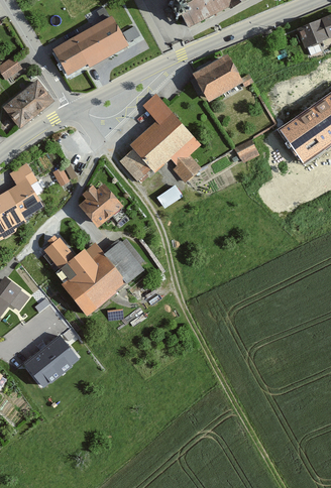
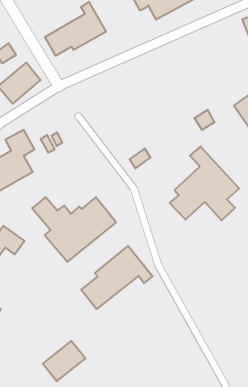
building: [190,55,240,104] -> none
building: [122,95,206,184] -> [170,146,239,220]
building: [78,185,120,227] -> none
building: none -> [81,246,153,309]
building: [27,334,79,382] -> [43,341,86,381]

